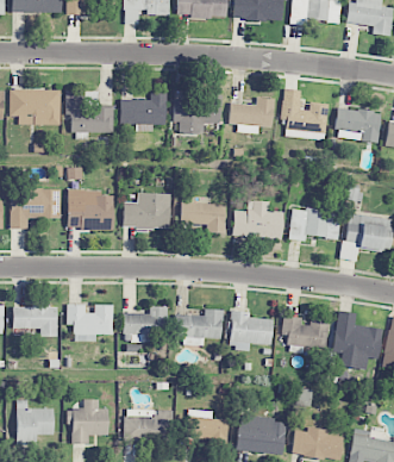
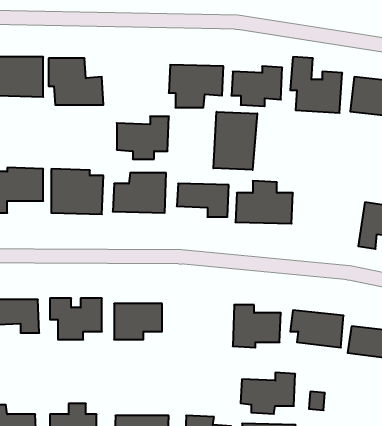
building: [120,93,167,131] -> [117,116,169,159]
building: none -> [213,112,257,170]
building: [289,208,340,241] -> none
building: [174,308,223,345] -> [241,373,295,414]

